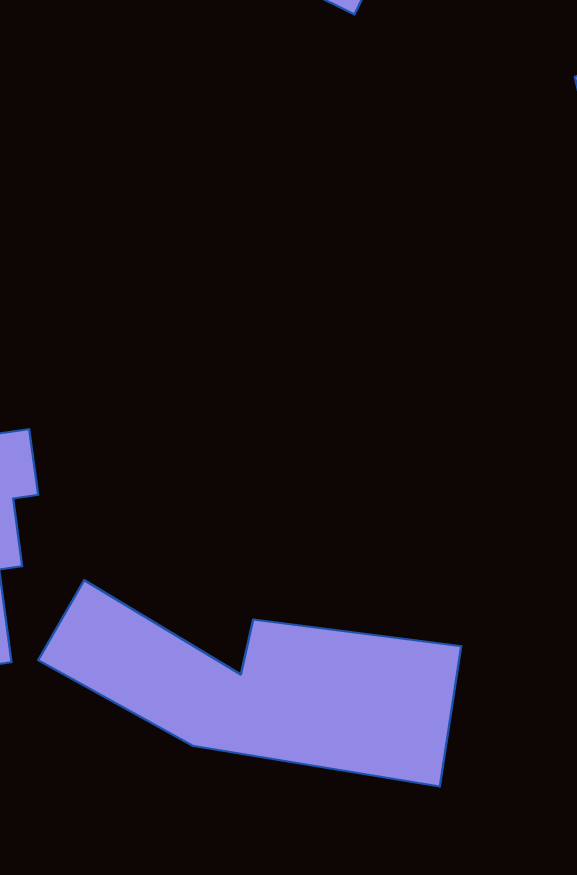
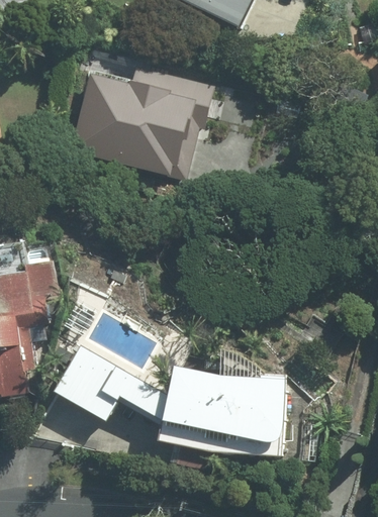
building: none -> [72,62,206,177]

